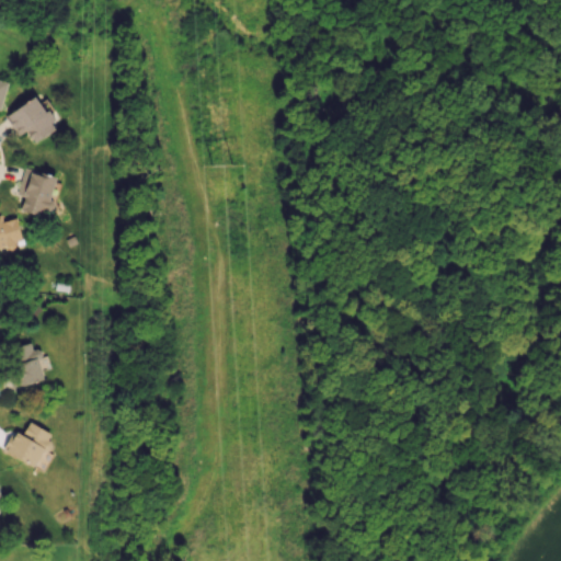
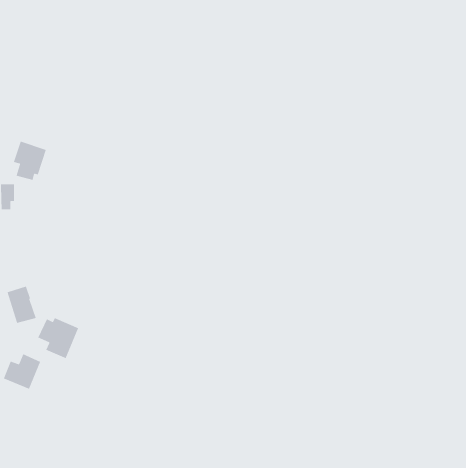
building: [9,96,58,142] -> none
building: none -> [37,317,79,359]

